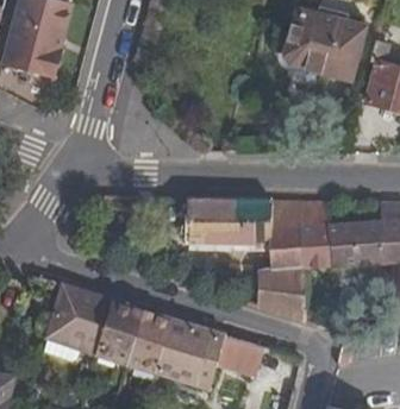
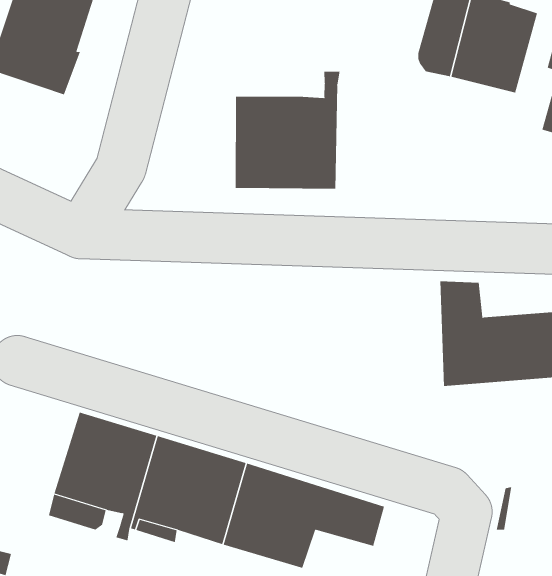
building: none -> [235,71,340,190]
building: [181,199,306,321] -> none

